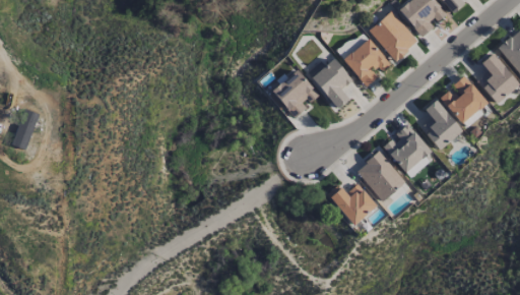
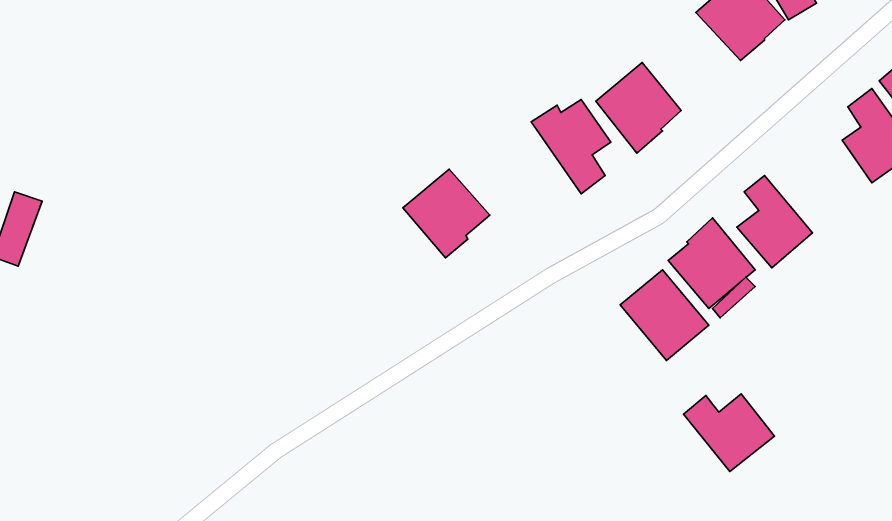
building: [369,10,418,61] -> none
building: [271,69,319,118] -> [403,169,490,258]
building: [441,75,488,124] -> none
building: [327,183,377,226] -> [684,394,774,471]

